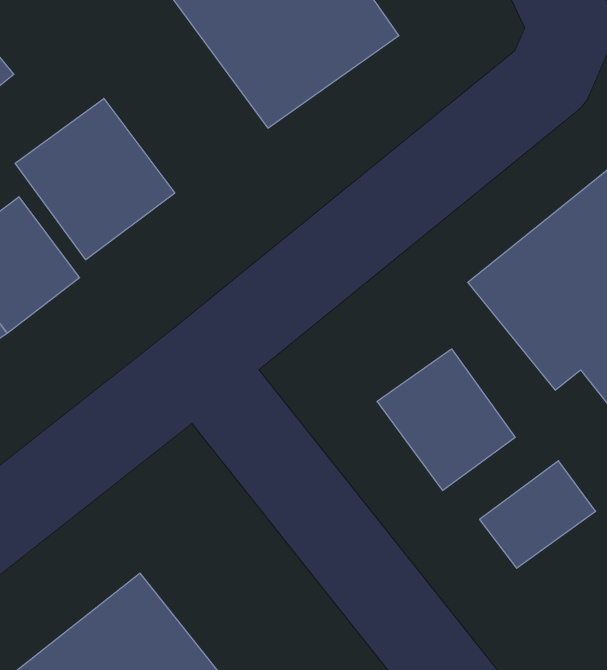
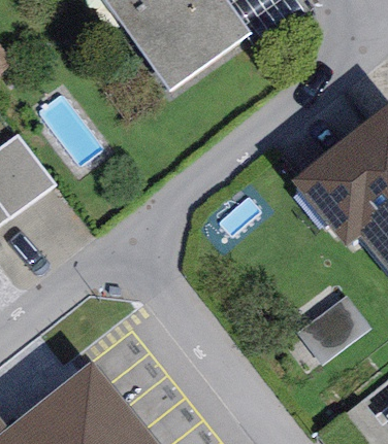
building: [15,98,175,260] -> none
building: [377,349,515,491] -> none

